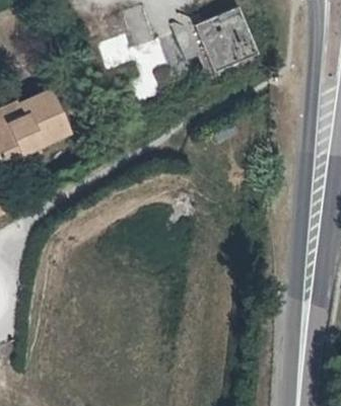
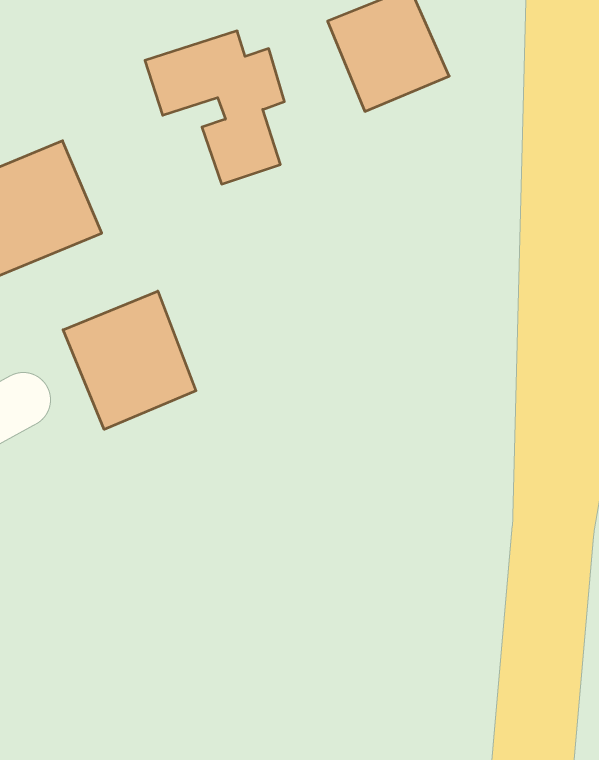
building: none -> [63,291,196,429]

